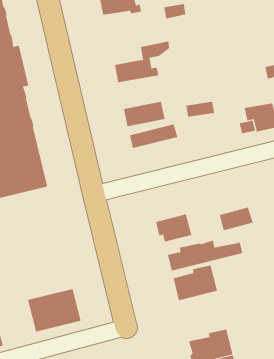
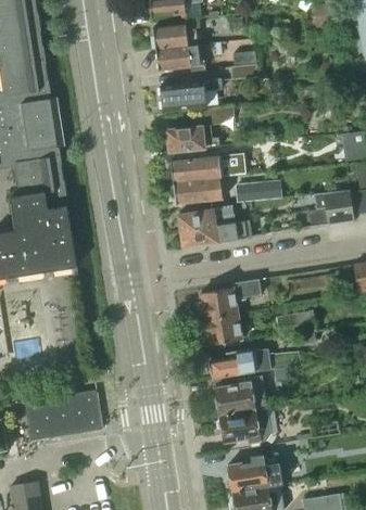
building: none -> [160,78,222,111]
building: none -> [169,153,245,182]
building: none -> [179,219,251,247]
building: none -> [197,278,261,319]
building: none -> [216,407,269,443]
building: none -> [24,398,47,441]

